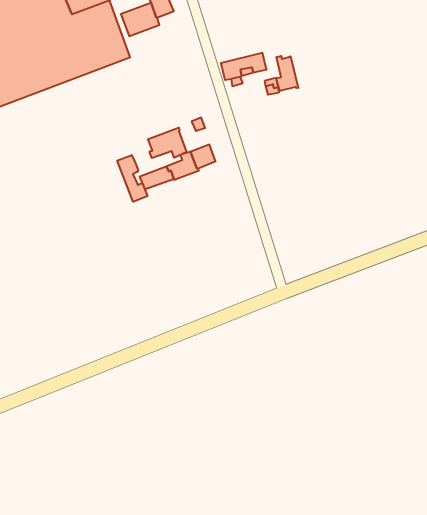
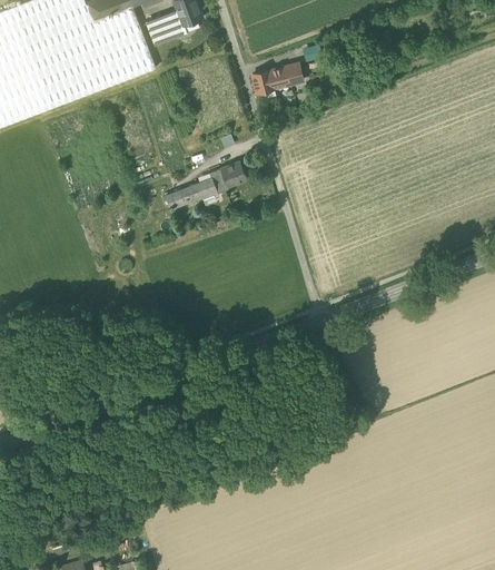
building: [276,56,298,91] -> none
building: [148,128,186,158] -> none
building: [117,155,147,202] -> none

